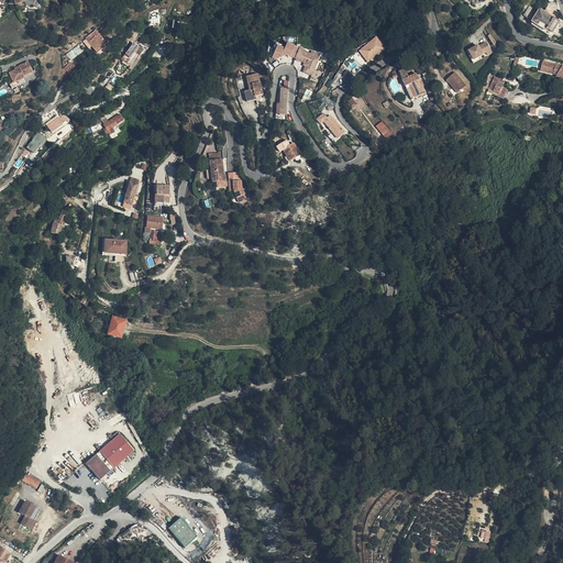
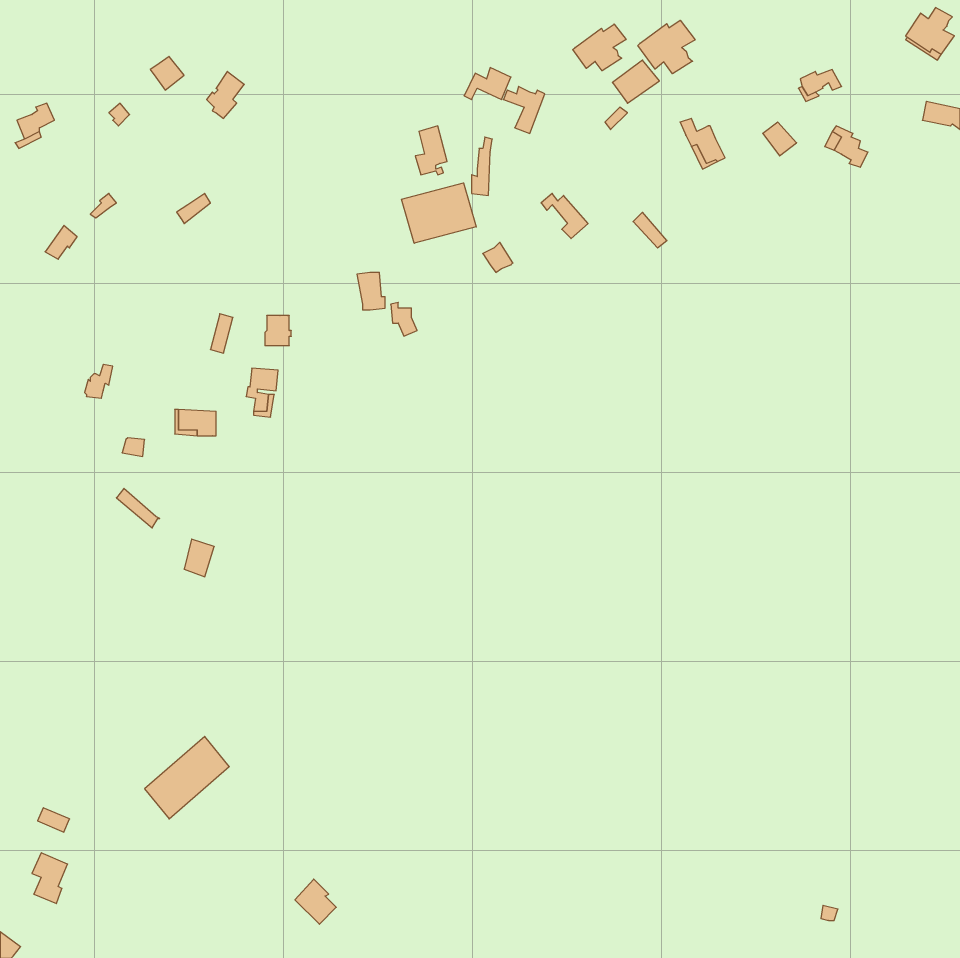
building: none -> [638,20,695,74]
building: none -> [573,24,626,71]
building: none -> [402,183,476,243]

